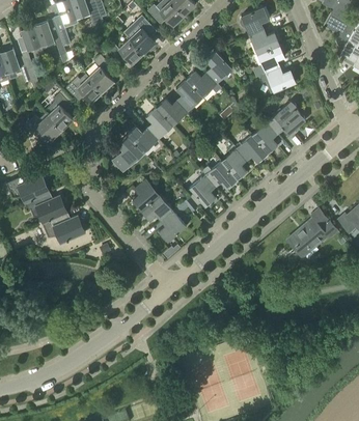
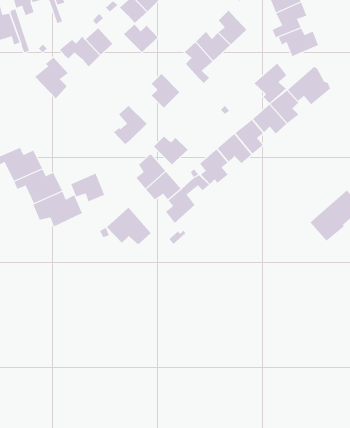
building: none -> [254,62,287,104]
building: [156,99,187,124] -> [123,24,158,53]
building: [25,111,62,141] -> none
building: [127,127,158,152] -> [153,136,188,165]
building: none -> [70,173,105,202]
building: none -> [106,207,152,245]

